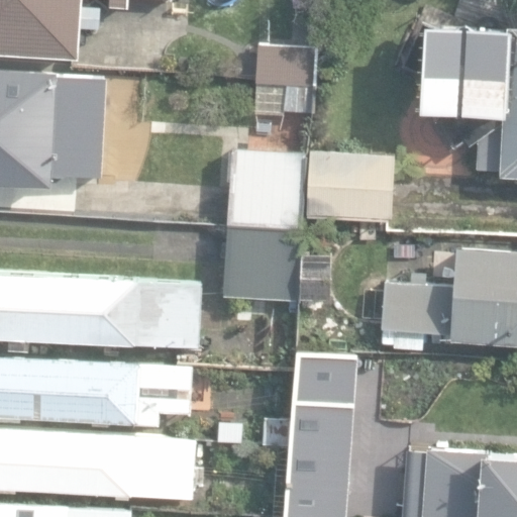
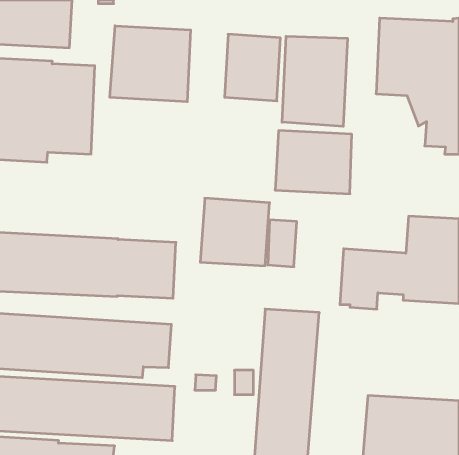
building: none -> [110,26,191,102]
building: none -> [282,36,347,126]
building: [229,150,307,233] -> none

